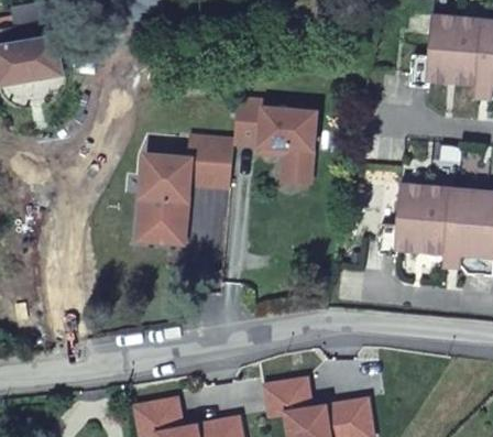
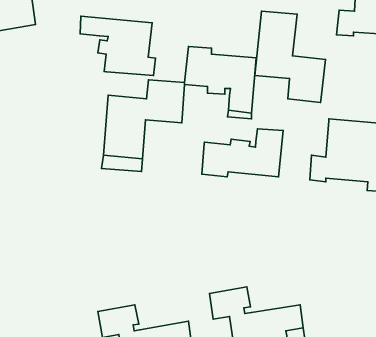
building: none -> [255,11,325,102]
building: none -> [80,16,155,76]
building: none -> [202,129,283,177]

